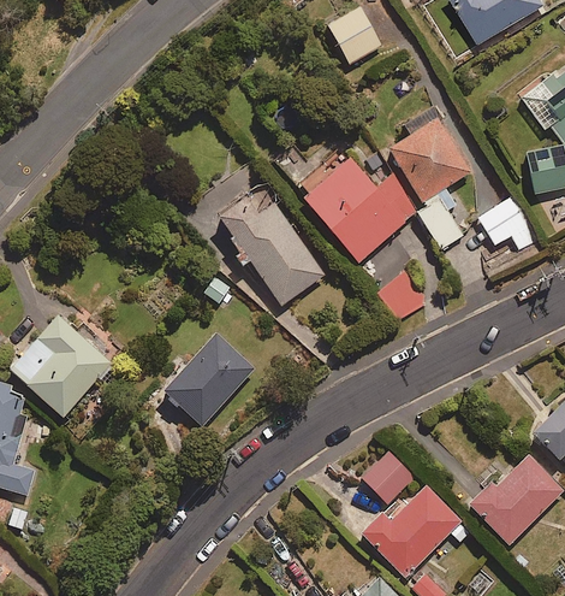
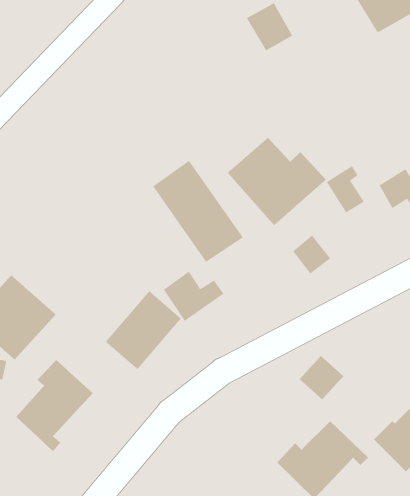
building: [391,108,471,201] -> none
building: none -> [163,270,224,322]
building: none -> [15,359,94,452]
building: [362,452,414,503] -> [299,355,344,400]

